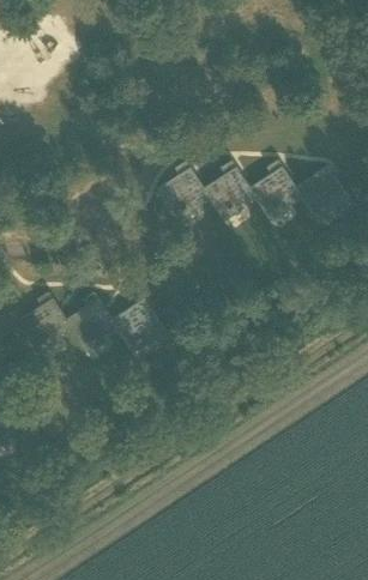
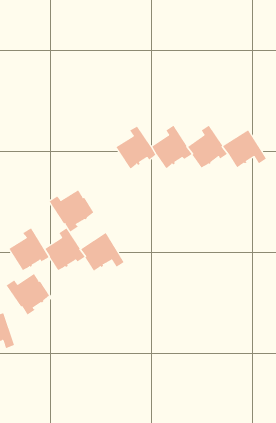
building: none -> [49,189,98,233]
building: none -> [6,273,55,315]

